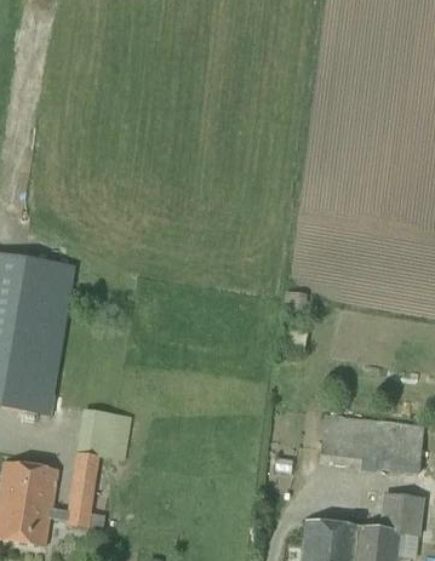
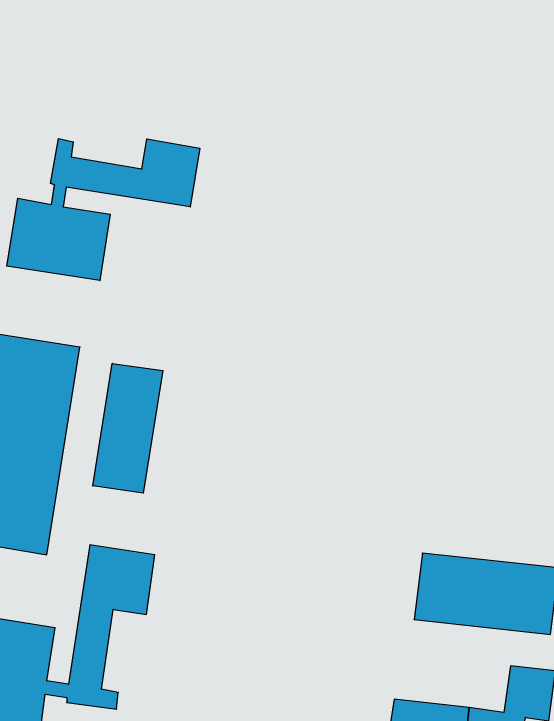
building: none -> [7,139,200,281]
building: none -> [93,363,163,493]

